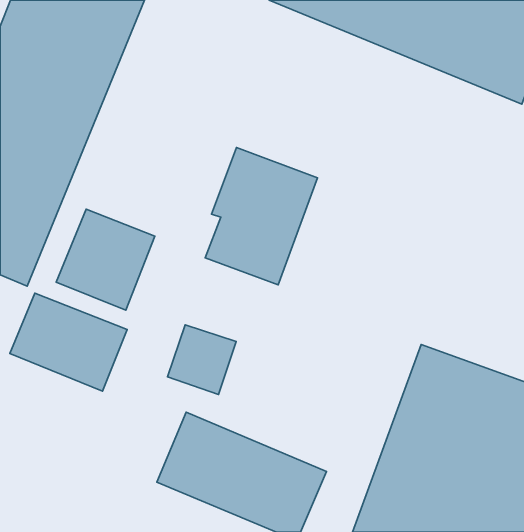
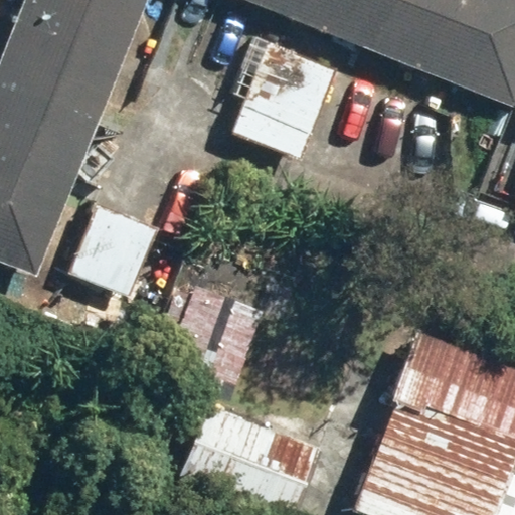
building: [205,148,318,285] -> [229,25,338,158]
building: [10,293,127,391] -> none

